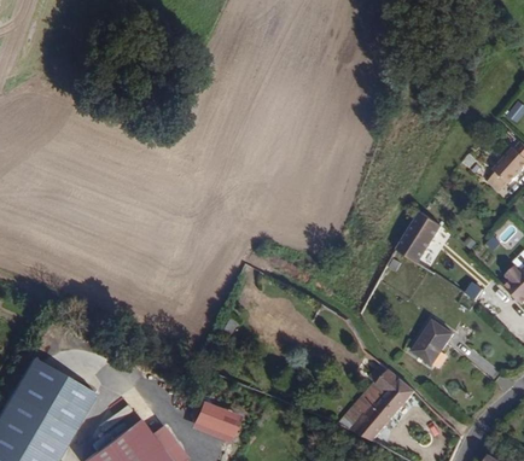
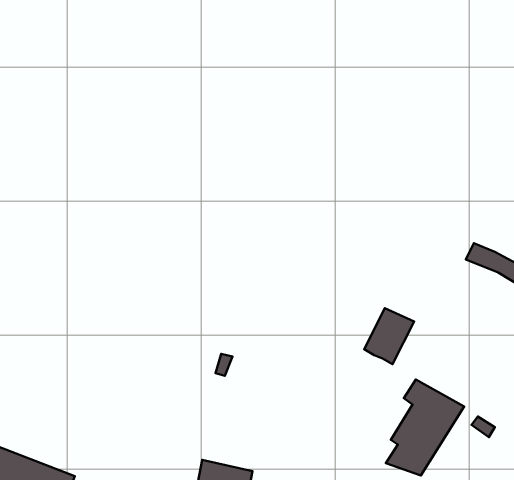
building: [396,211,442,263] -> none
building: [411,320,454,366] -> [364,308,414,364]

